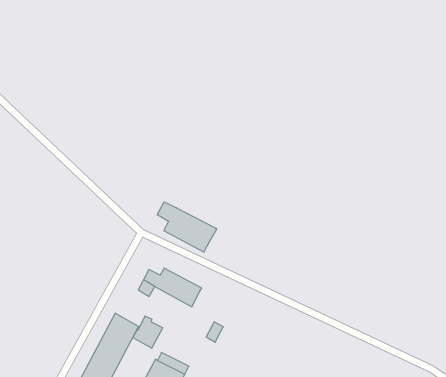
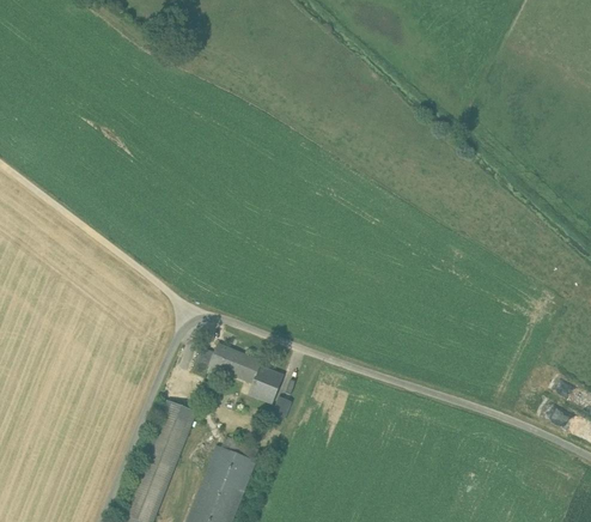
building: [157,202,217,252] -> none
building: [133,316,163,348] -> [249,368,281,402]

